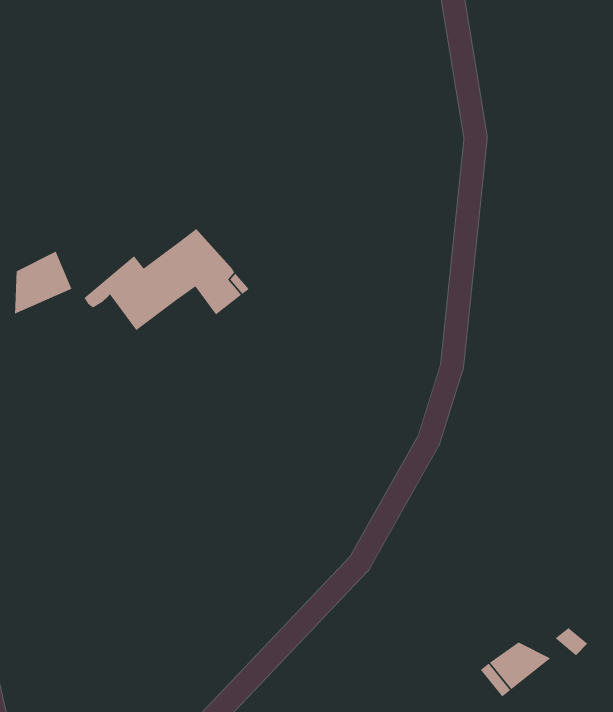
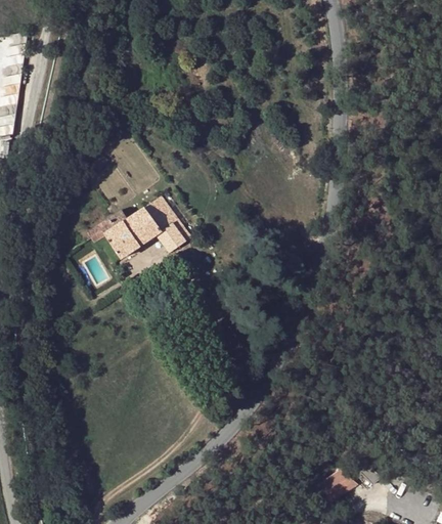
building: [14,251,73,315] -> none

